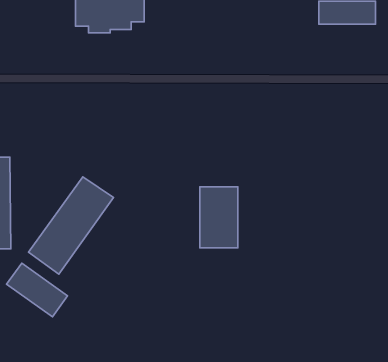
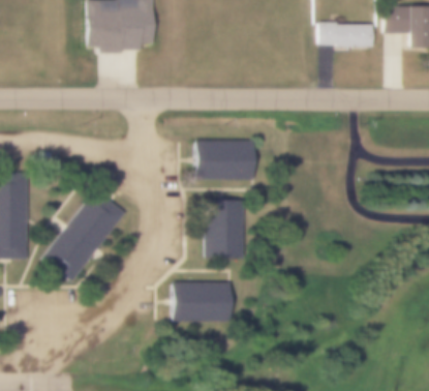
building: none -> [196,140,251,179]
building: [7,263,68,317] -> none
building: none -> [171,282,229,322]

